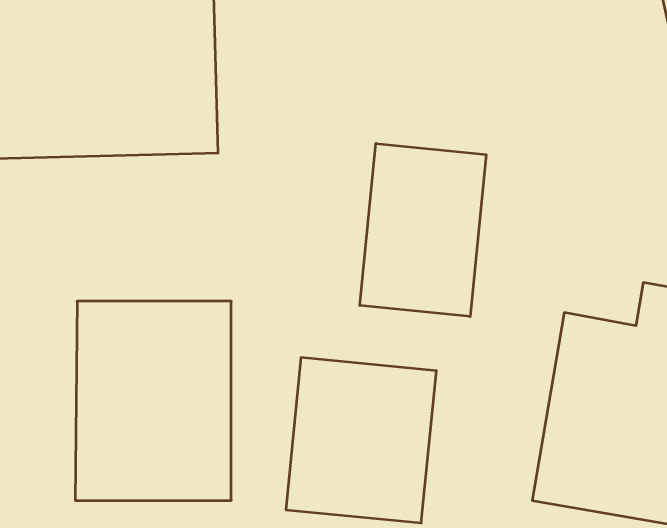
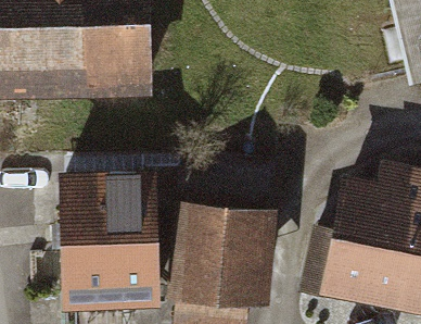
building: [360,143,486,317] -> none

